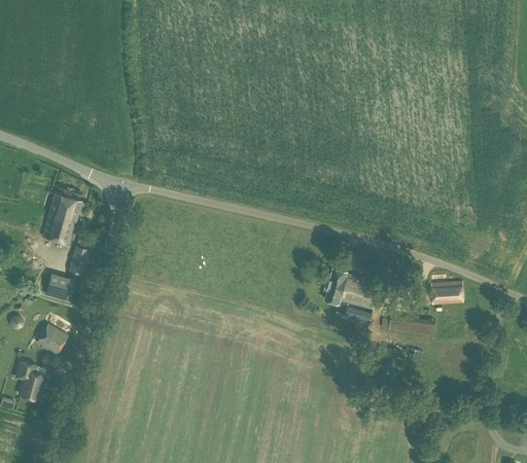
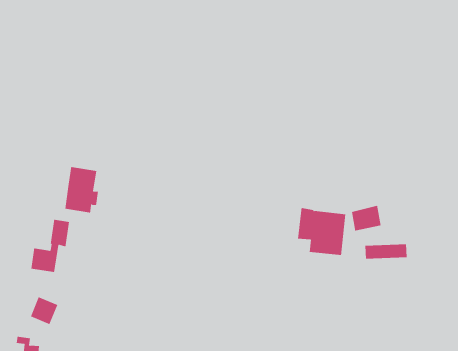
building: [41,192,80,244] -> [65,166,99,213]
building: [431,280,461,304] -> [351,205,382,231]

